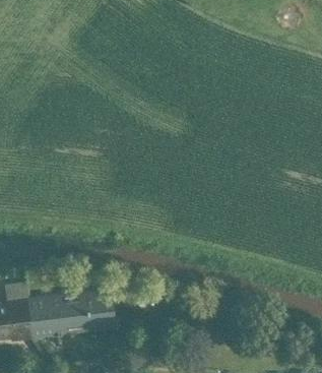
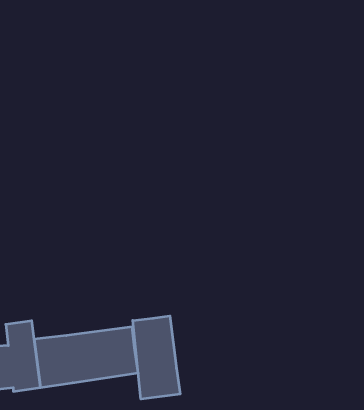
building: none -> [133,316,180,399]

